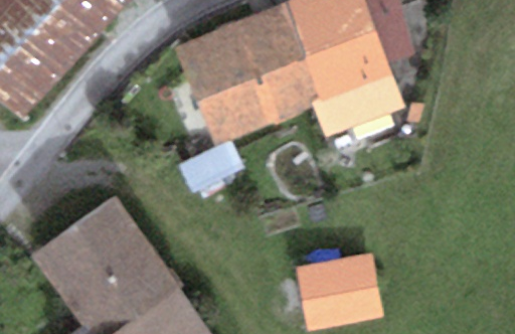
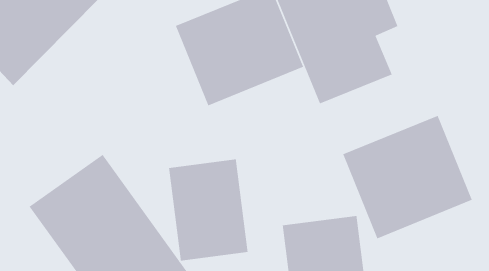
building: none -> [342,115,473,239]
building: none -> [168,159,248,261]

